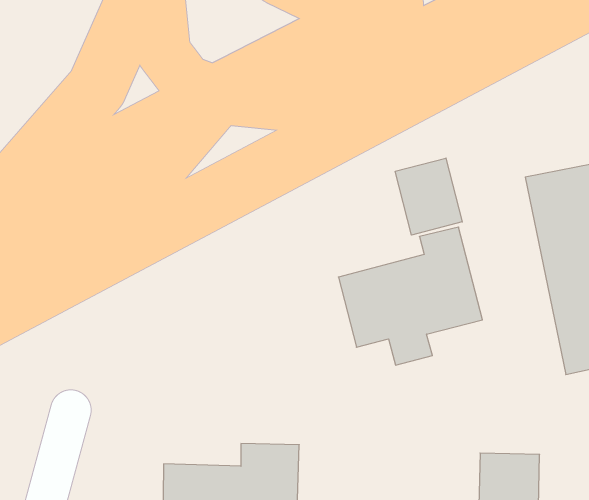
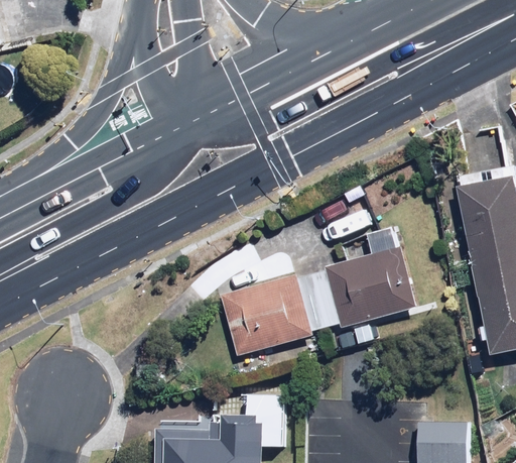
building: [395,158,462,235] -> none
building: none -> [220,272,313,372]

